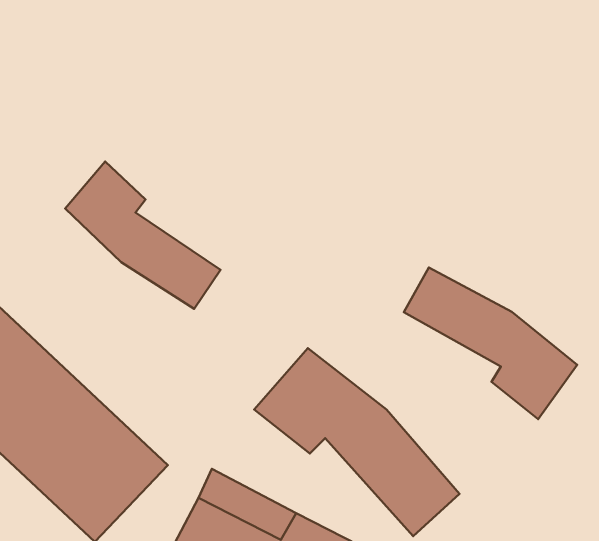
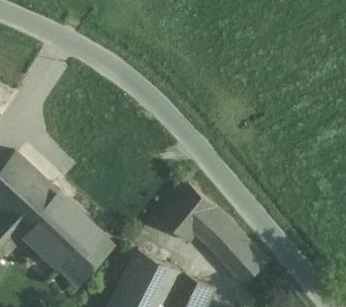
building: [65,162,220,309] -> none
building: [404,268,577,419] -> none

